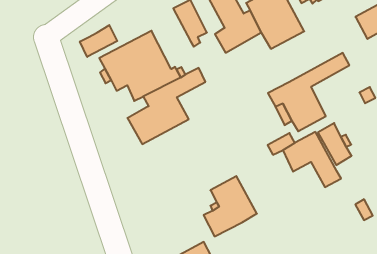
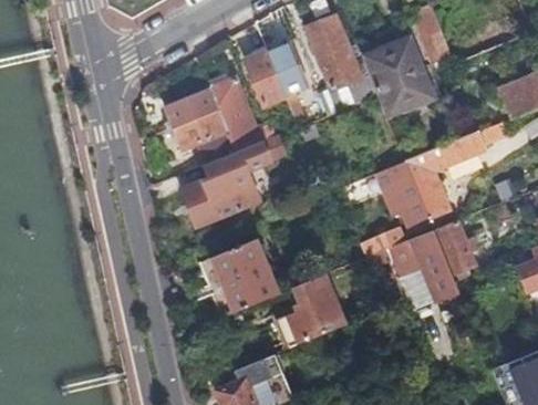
building: none -> [245,51,284,103]
building: [80,25,117,57] -> none
building: none -> [199,238,278,316]

